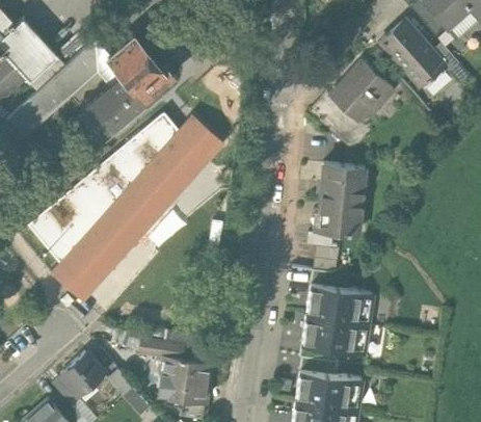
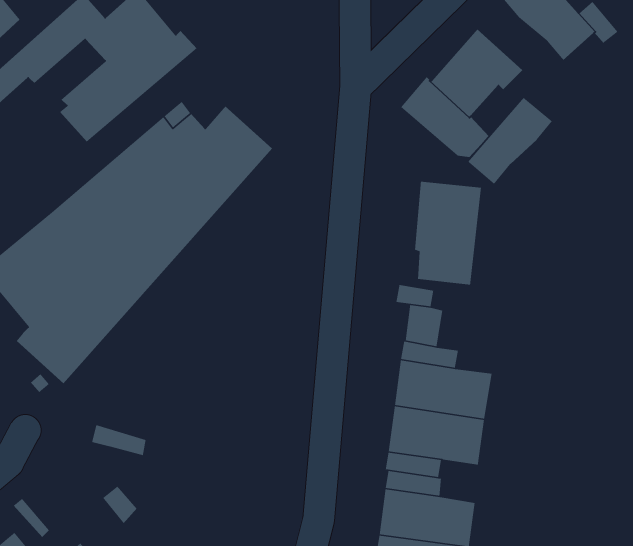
building: none -> [467,97,553,185]
building: [141,340,211,405] -> none
building: [61,353,106,397] -> none

